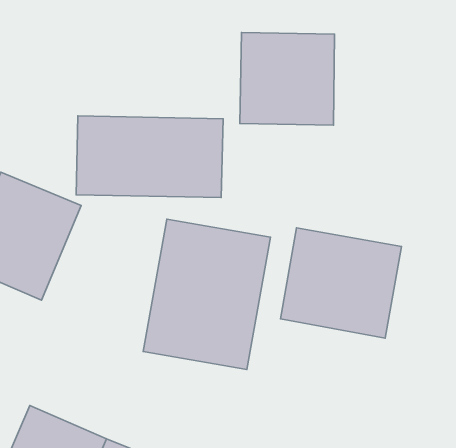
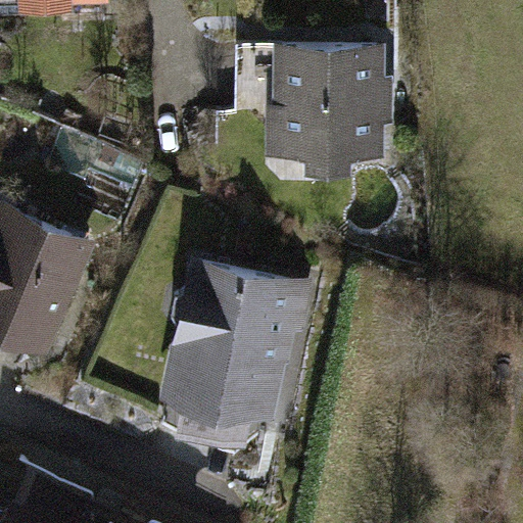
building: [76,116,223,198] -> none
building: [280,228,402,338] -> none

